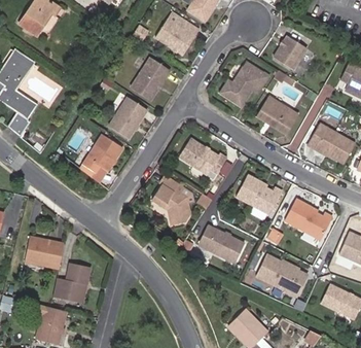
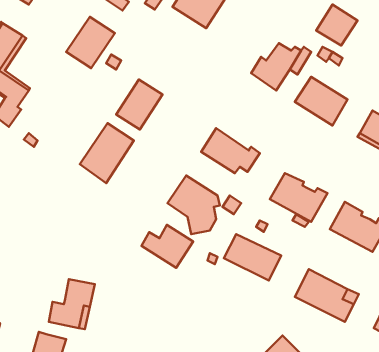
building: [131,58,171,100] -> [66,17,115,68]
building: none -> [142,225,193,268]
building: [25,236,65,270] -> none

